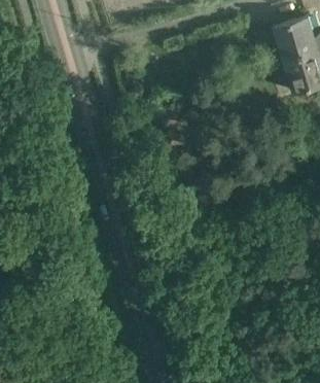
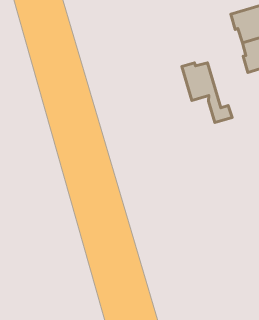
building: none -> [182,63,232,122]

